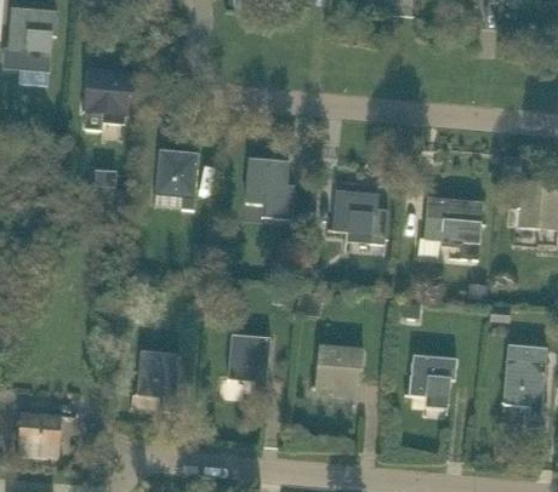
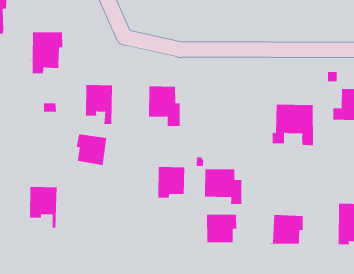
building: [326,189,387,244] -> [201,169,242,205]
building: none -> [76,133,107,171]
building: [227,333,269,379] -> [157,166,185,198]
building: [136,349,180,411] -> [29,187,58,228]

